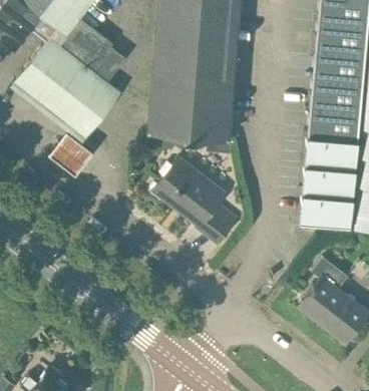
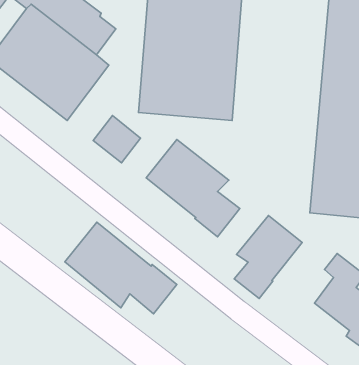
building: [51,132,93,174] -> [93,116,141,163]
building: none -> [234,216,302,299]
building: none -> [65,222,177,314]

